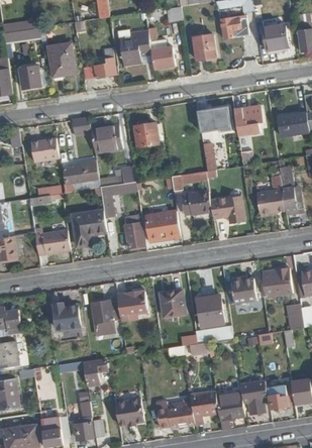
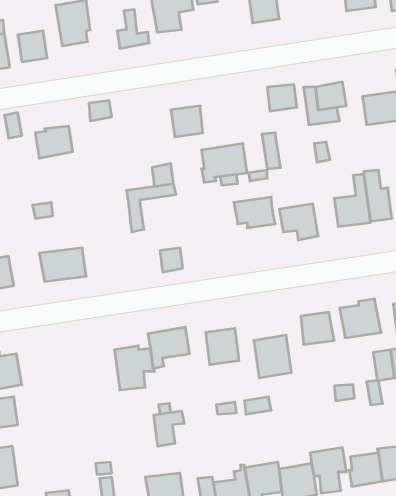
building: [150,47,176,70] -> none
building: [91,125,122,152] -> none
building: [64,160,99,192] -> none
building: [72,210,107,245] -> none
building: [145,211,180,240] -> [201,143,247,182]
building: [53,305,80,329] -> none
building: [83,359,106,385] -> [154,411,184,446]

